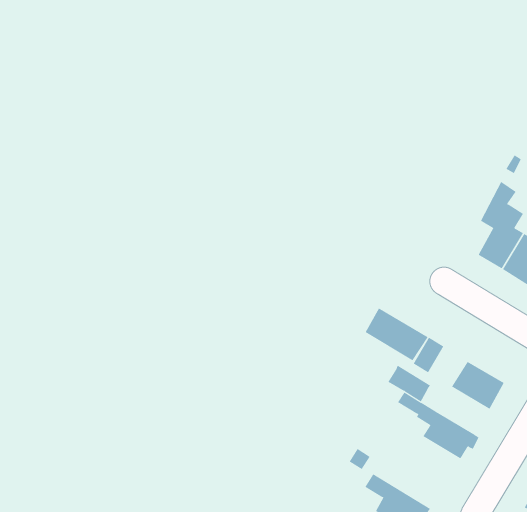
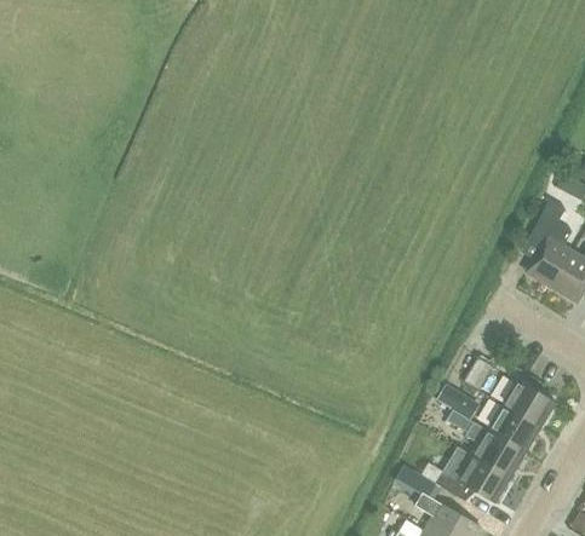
building: [365,308,428,361] -> none
building: none -> [486,405,539,454]
building: none -> [432,455,510,503]

